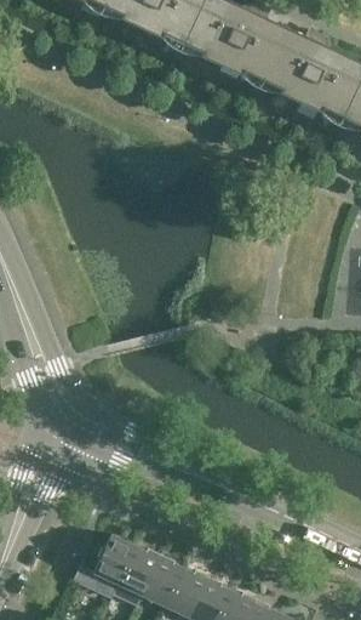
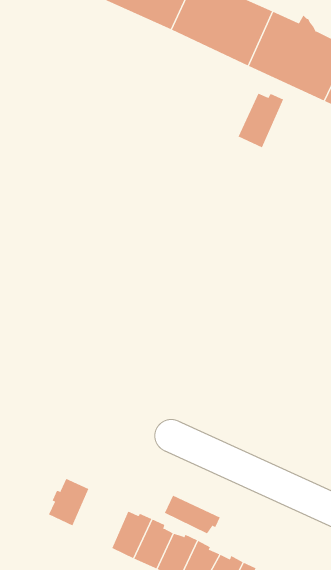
building: none -> [238,93,284,148]
building: none -> [164,495,221,534]
building: [93,535,136,585] -> [48,478,89,526]

